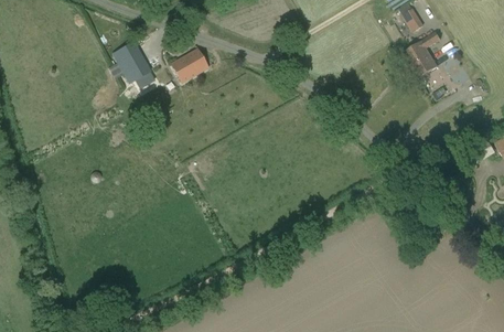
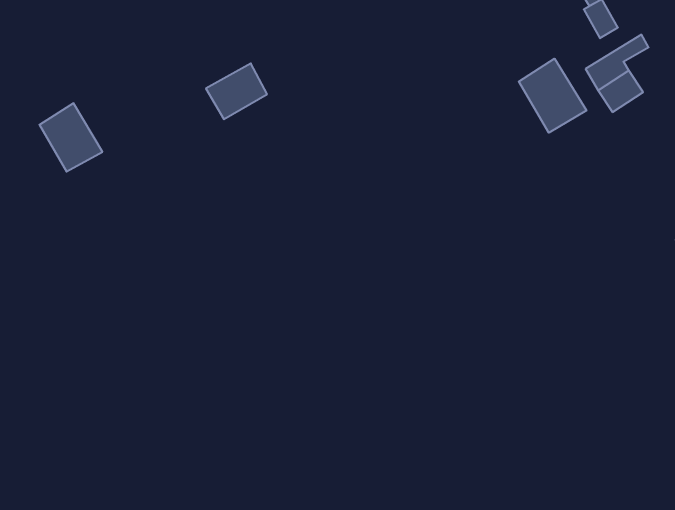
building: [111,41,150,83] -> [39,103,102,172]
building: none -> [519,59,586,133]

